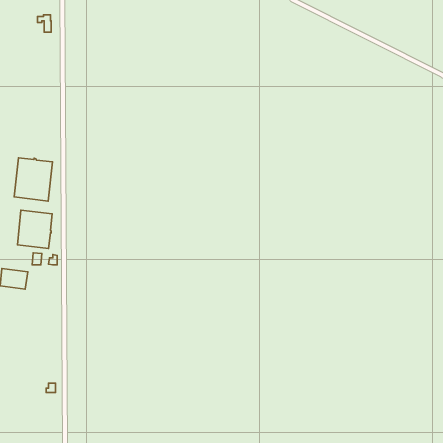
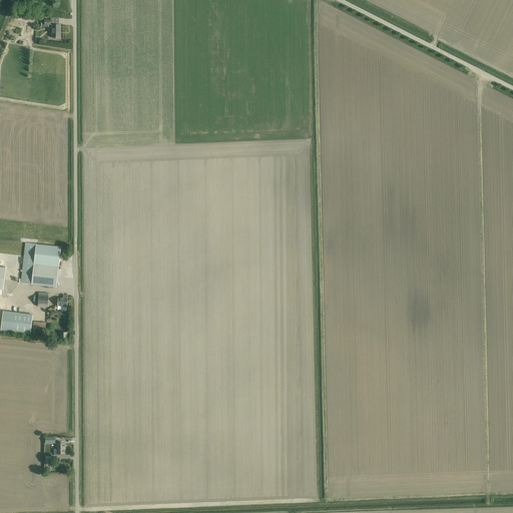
building: [14,158,52,201] -> none

